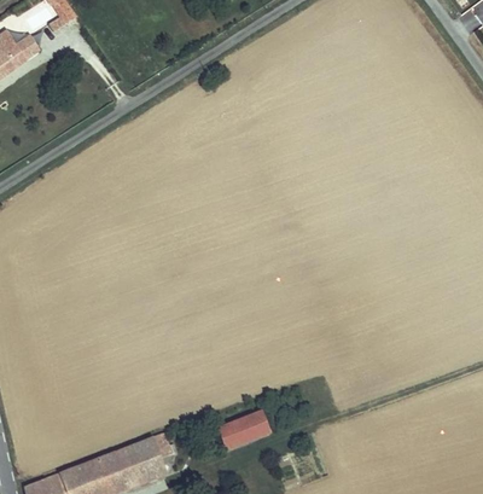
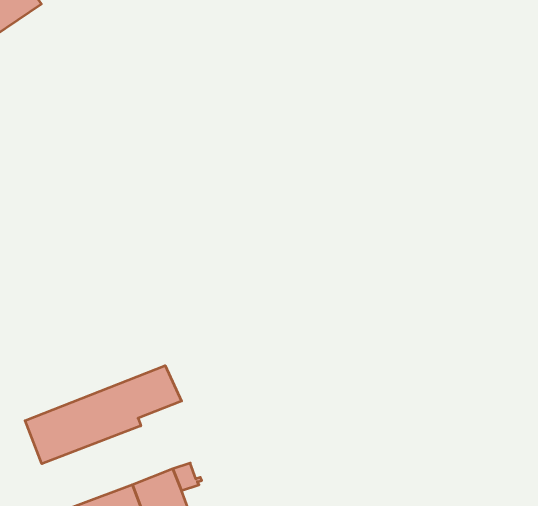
building: none -> [25,366,182,464]
building: [216,409,269,449] -> none

